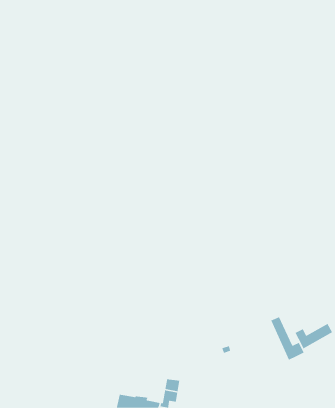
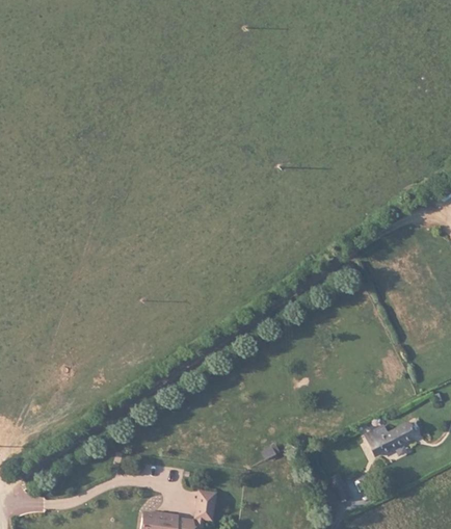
building: [270,316,305,361] -> none

